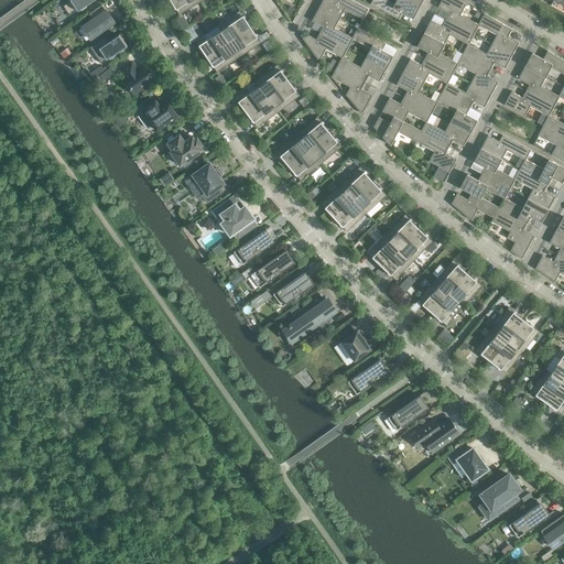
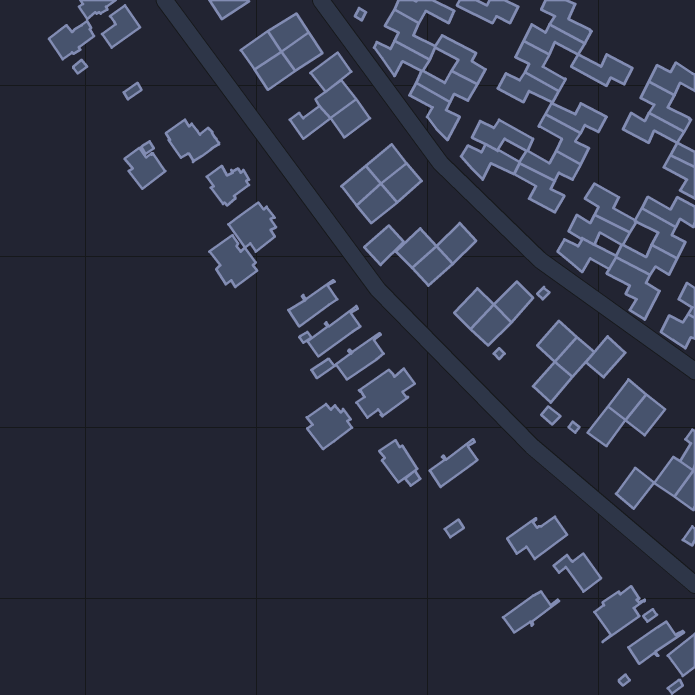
building: [478,13,519,55] -> none
building: [90,33,127,64] -> [49,21,94,59]
building: [457,54,498,95] -> none
building: [120,62,153,95] -> [125,148,165,189]
building: [397,72,437,112] -> none
building: [246,96,279,128] -> [310,53,351,92]
building: [481,134,531,160] -> none
building: [340,167,372,199] -> [364,226,404,265]
building: [217,196,256,238] -> [209,235,257,287]
building: [387,215,419,247] -> none
building: [417,280,449,313] -> [586,336,625,377]
building: [339,326,370,360] -> [379,440,417,482]
building: none -> [307,404,352,449]
building: [491,340,522,373] -> [616,468,654,509]
building: [388,397,433,430] -> [503,592,559,632]

